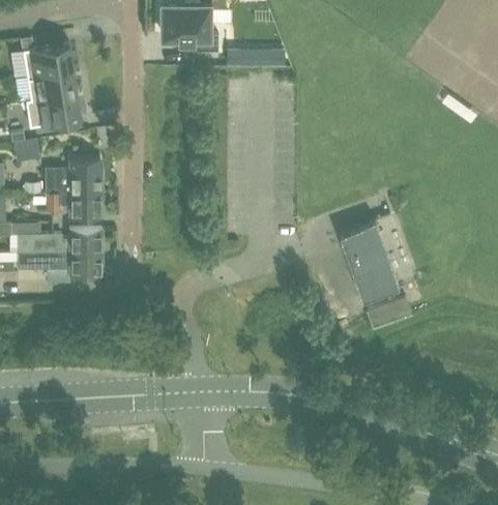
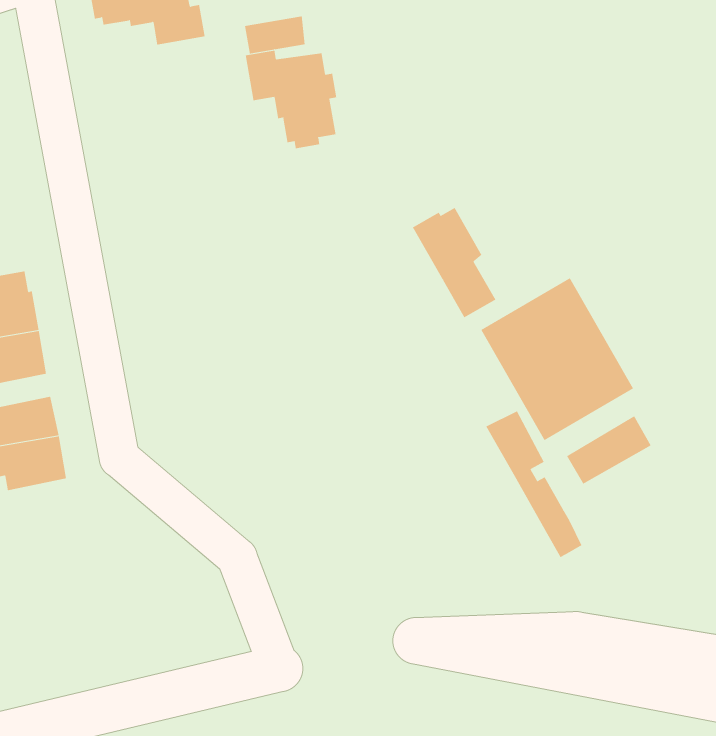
building: none -> [245,50,337,149]
building: none -> [412,207,496,318]
building: none -> [486,410,582,558]

